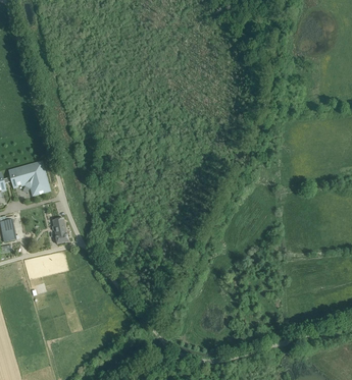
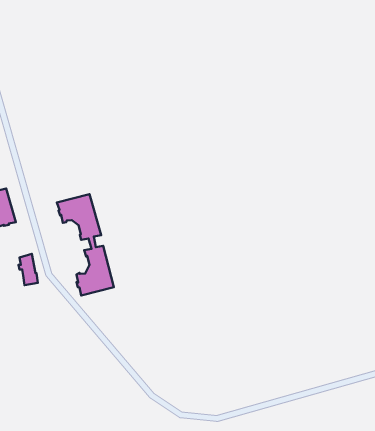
building: none -> [57,194,114,296]

